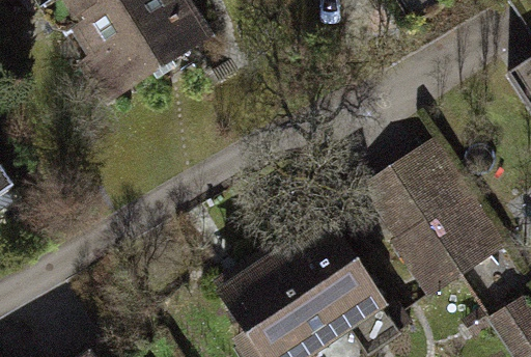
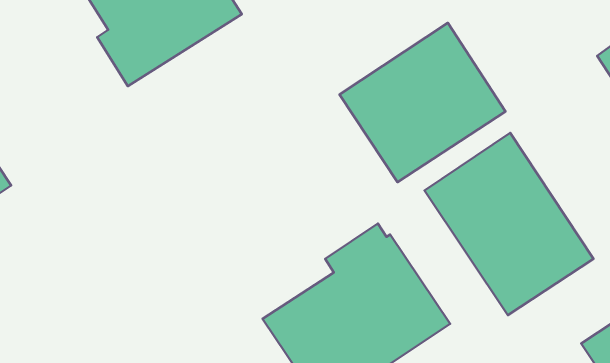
building: none -> [339,23,506,182]

